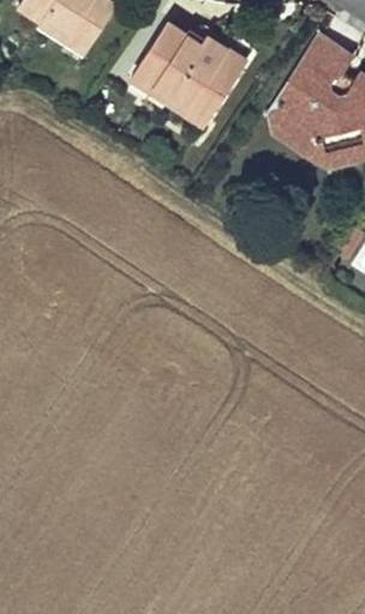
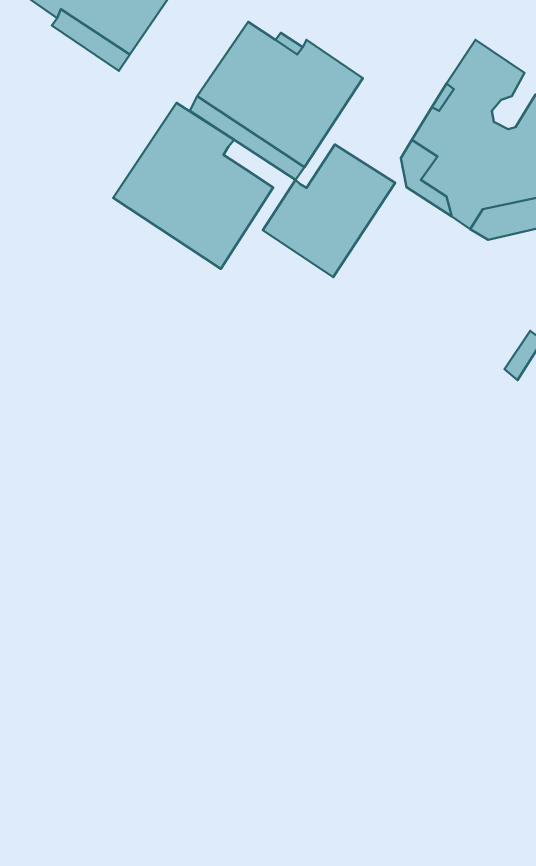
building: none -> [113,103,273,269]
building: none -> [263,144,395,277]

